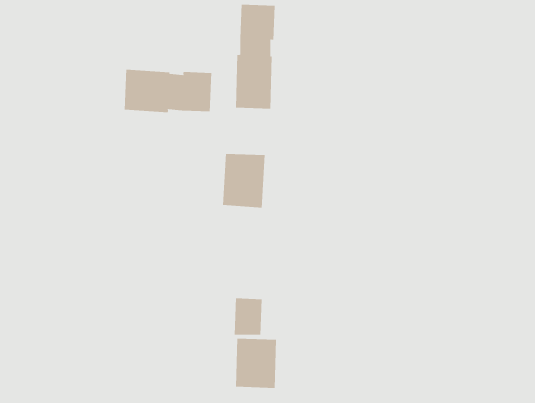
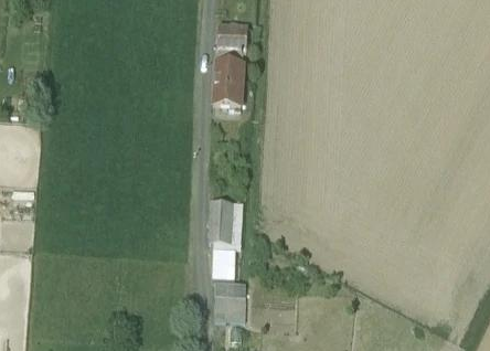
building: [124,69,212,113] -> none
building: [222,154,265,208] -> [209,200,242,242]

